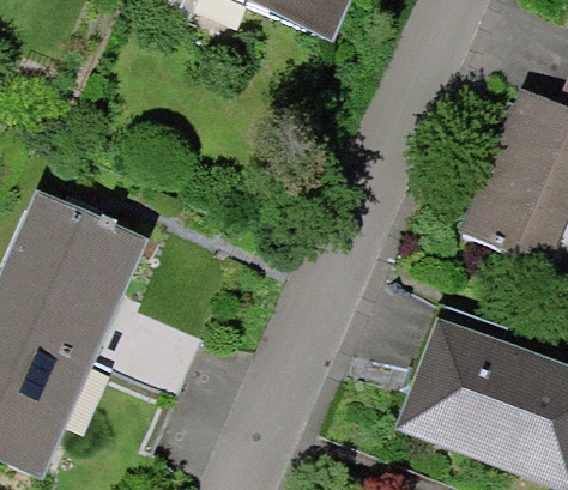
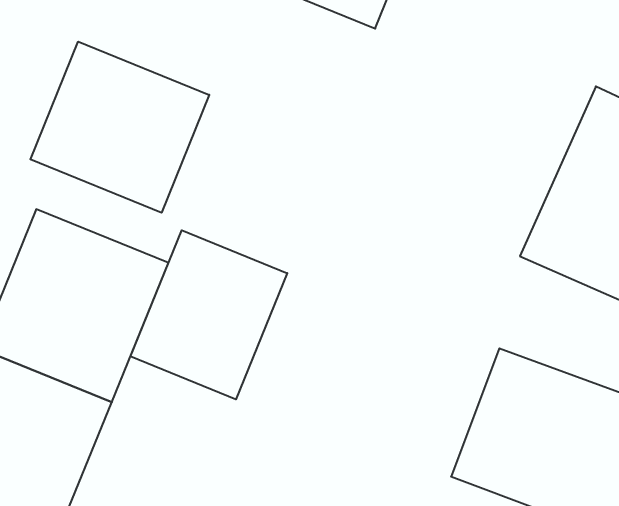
building: none -> [30,42,209,213]
building: none -> [130,230,287,399]

